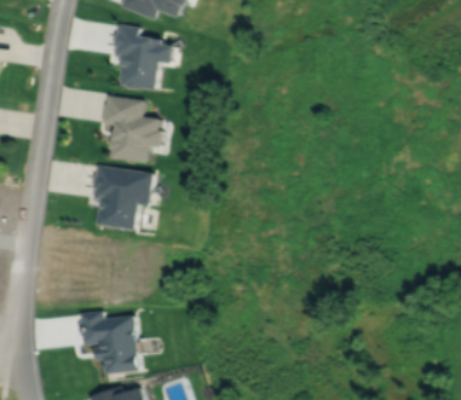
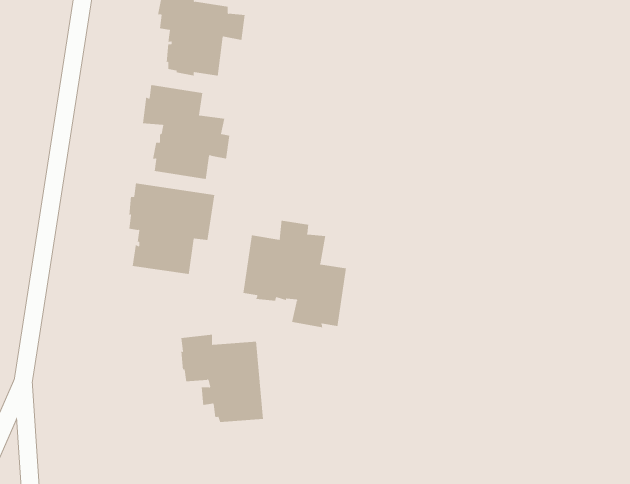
building: none -> [243,220,346,328]
building: [80,312,139,375] -> [181,334,264,423]

